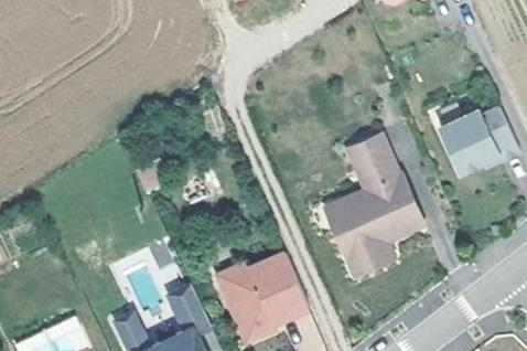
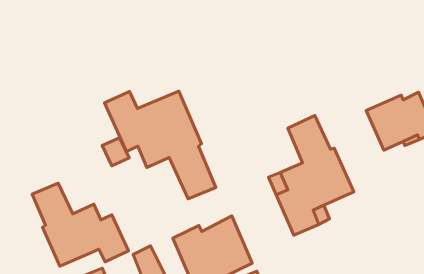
building: none -> [105,91,216,199]
building: none -> [32,183,129,266]

